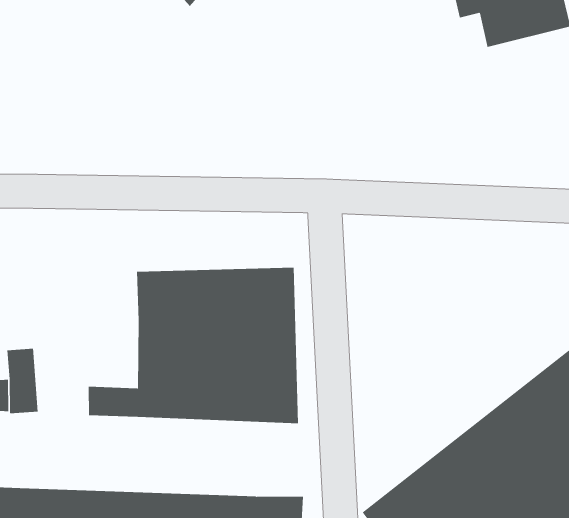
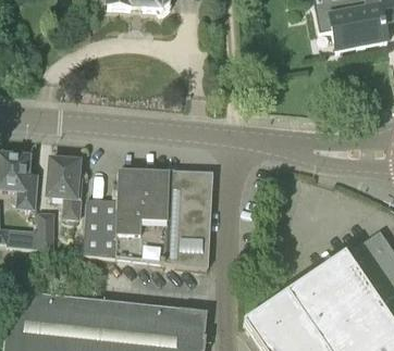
building: none -> [48,160,82,217]
building: none -> [85,198,118,239]

